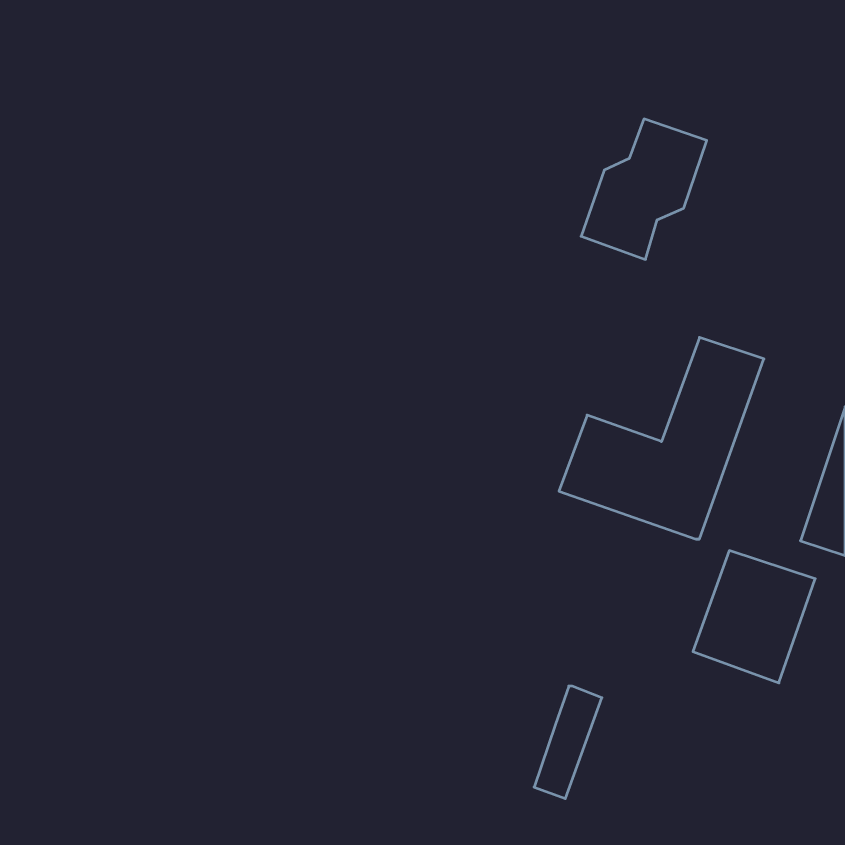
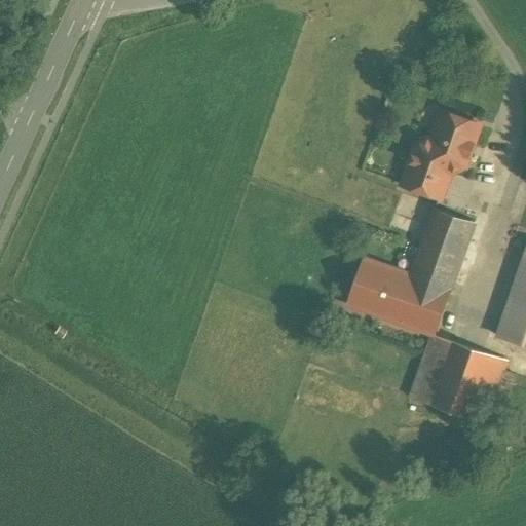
building: [581,119,707,259] -> [402,112,480,199]
building: [534,686,602,799] -> [411,335,453,405]

